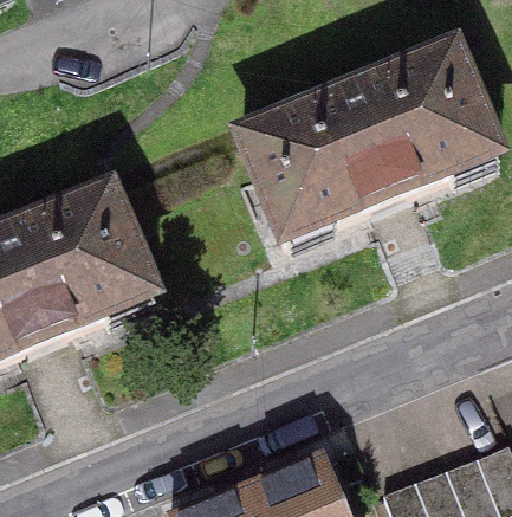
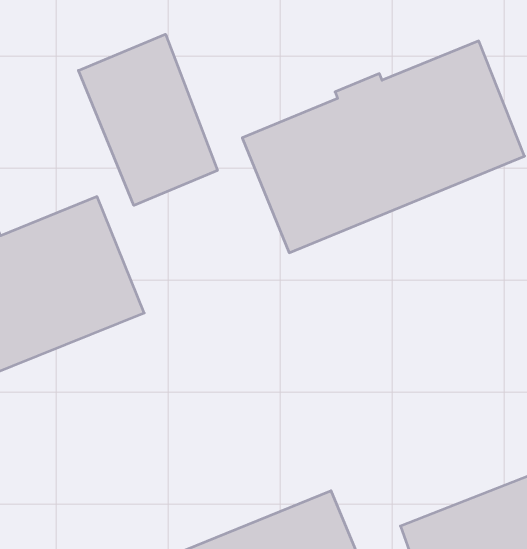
building: none -> [78,34,217,205]

